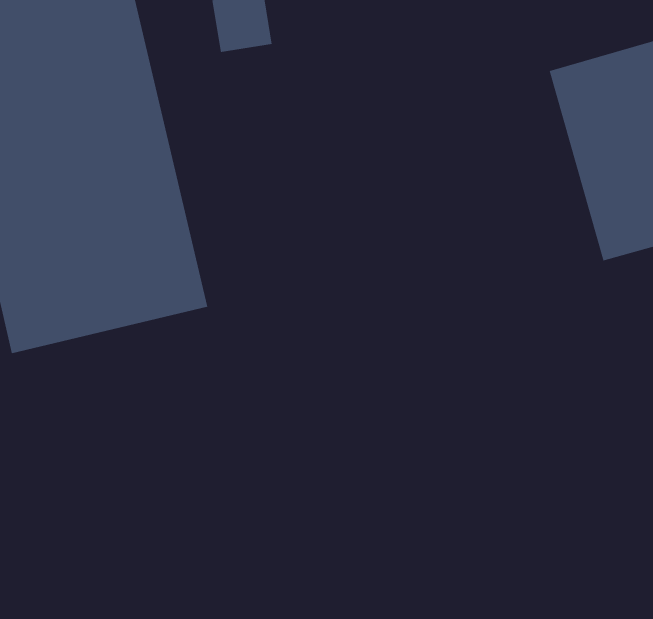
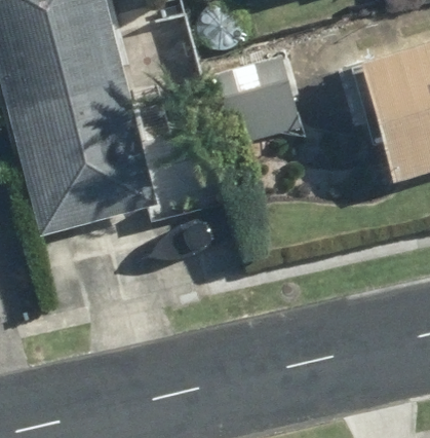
building: none -> [218,51,307,147]

